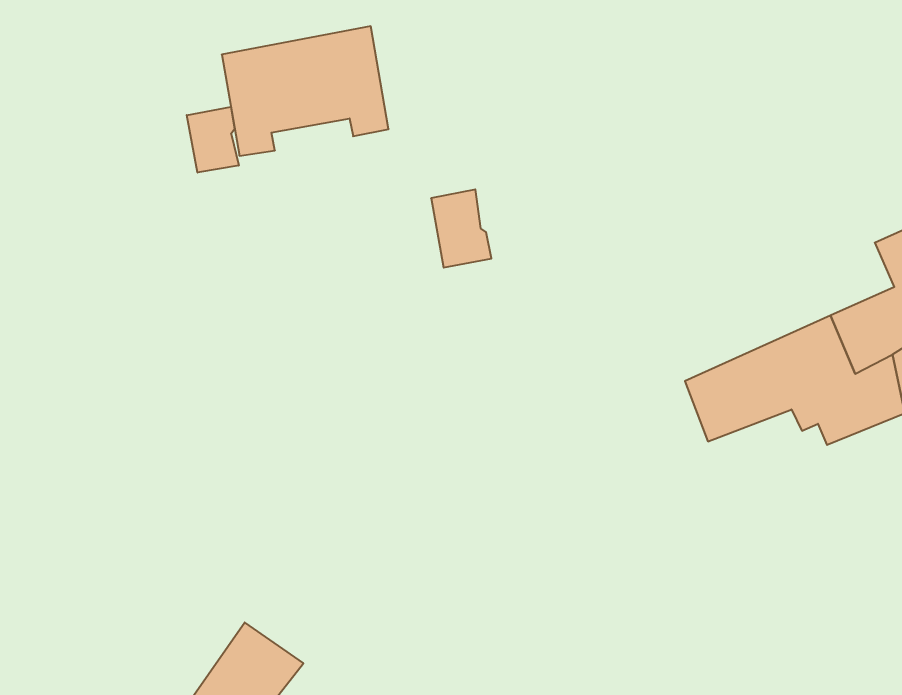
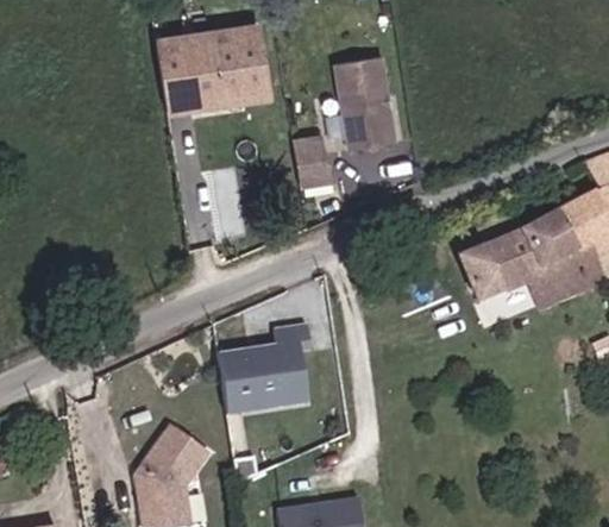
building: none -> [333,58,396,152]
building: [187,107,239,173] -> none
building: none -> [220,322,322,412]

